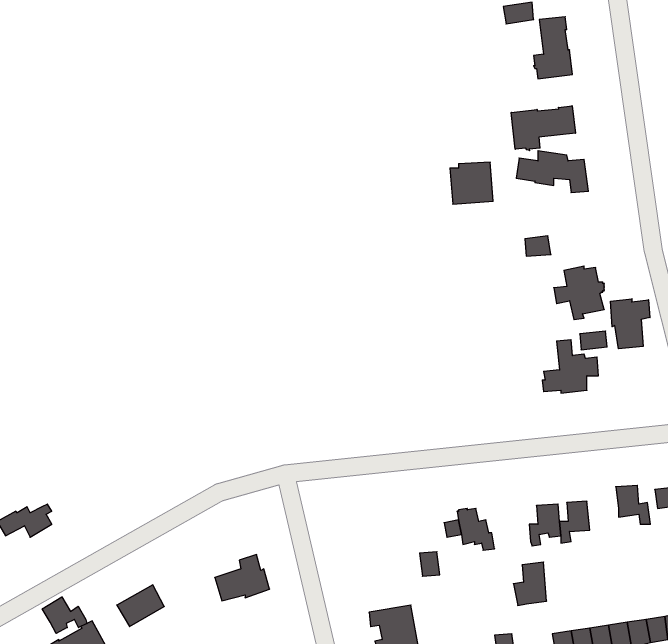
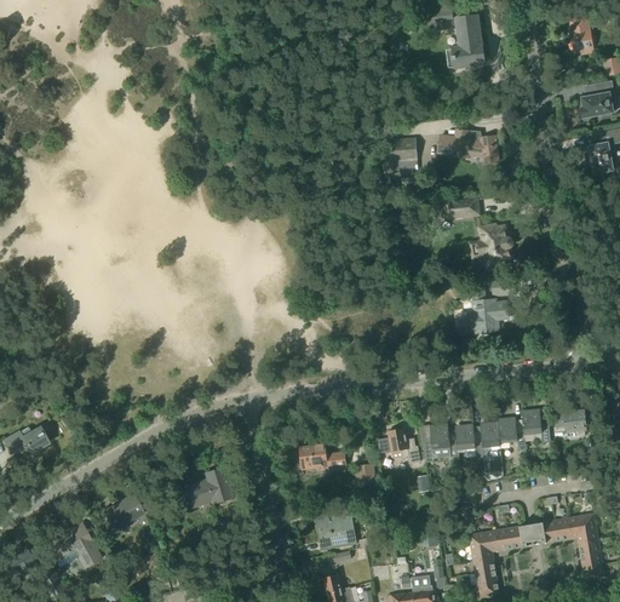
building: [511,106,575,151] -> none
building: [611,299,650,349] -> none
building: none -> [496,418,524,451]
building: none -> [299,442,344,470]
building: [513,562,547,605] -> [421,424,449,460]
building: [42,597,87,633] -> none

